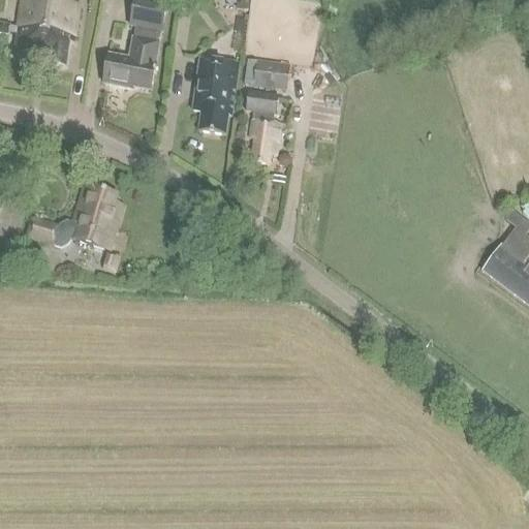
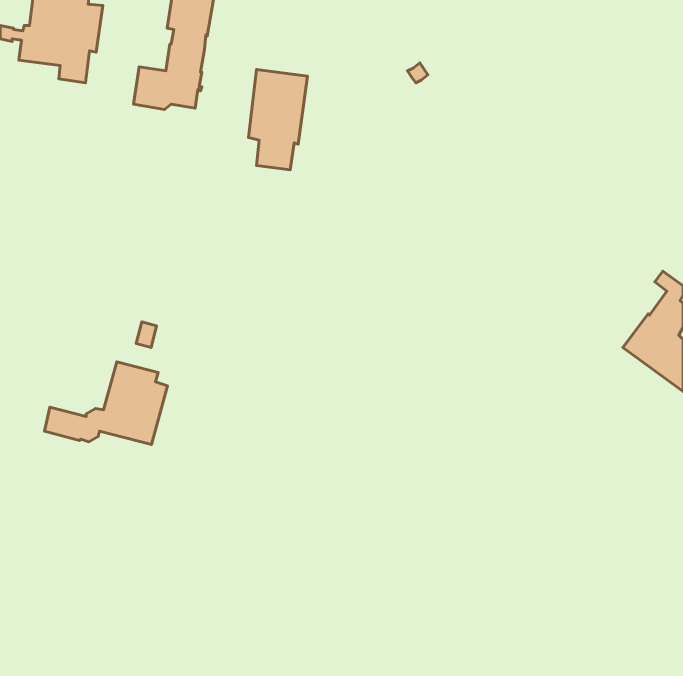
building: [244,57,289,88] -> none
building: [244,88,279,160] -> none
building: [28,183,123,247] -> [45,362,168,445]

